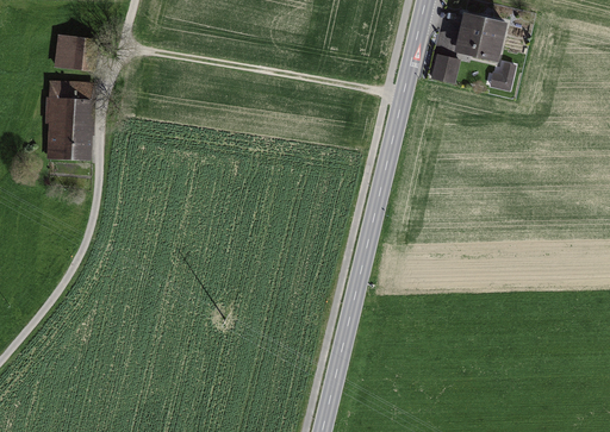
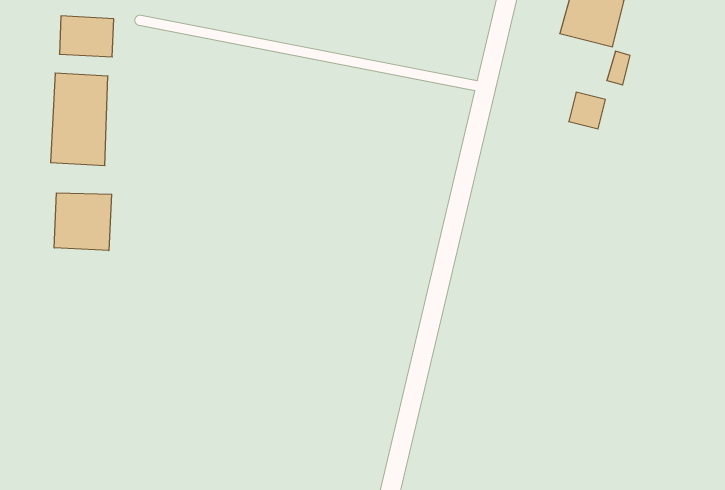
building: [431,54,461,83] -> [569,92,605,129]
building: none -> [54,193,112,251]

